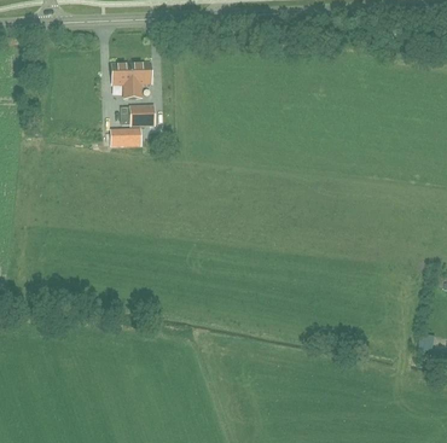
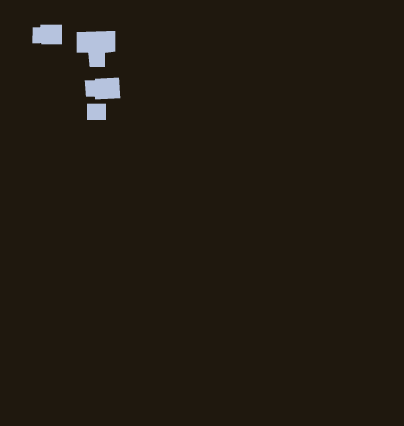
building: none -> [32,24,63,45]

